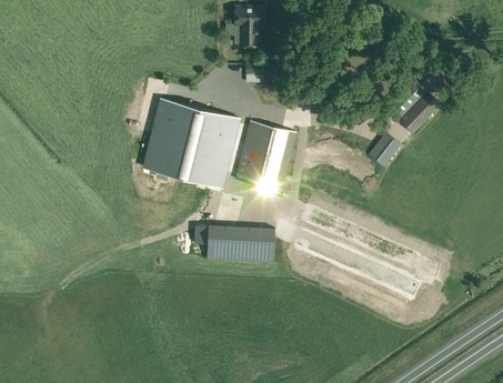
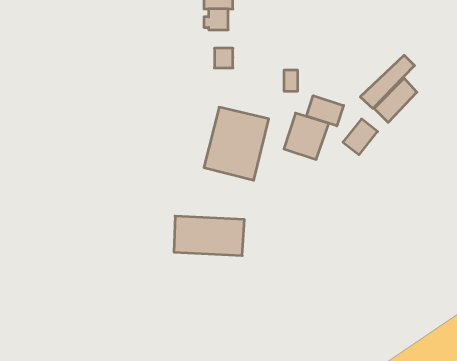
building: [142,98,241,188] -> none
building: none -> [306,96,344,126]

